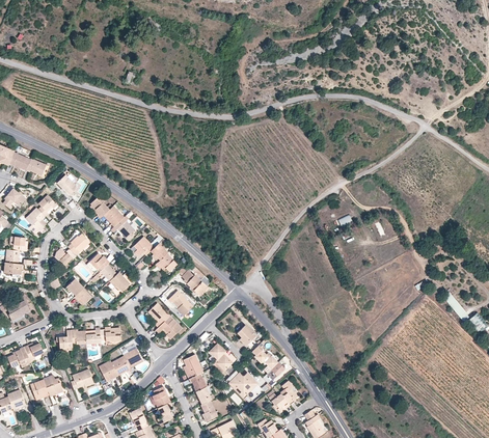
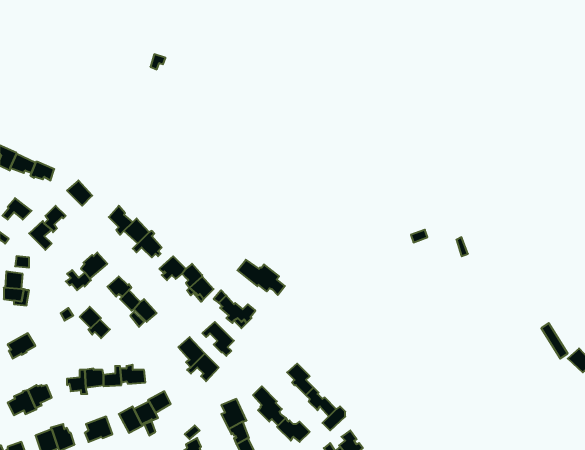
building: none -> [237,260,285,295]

